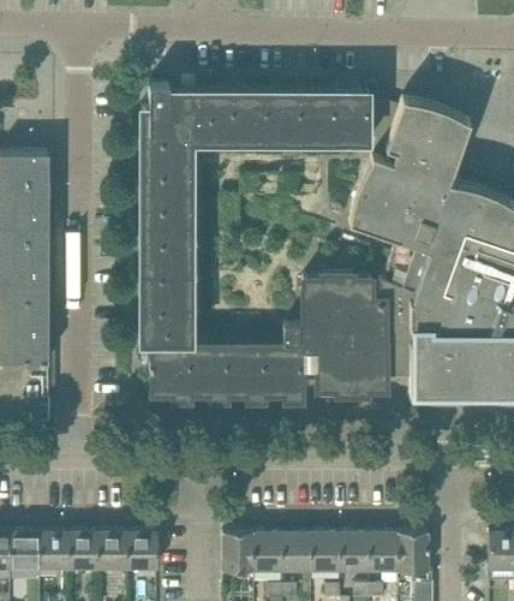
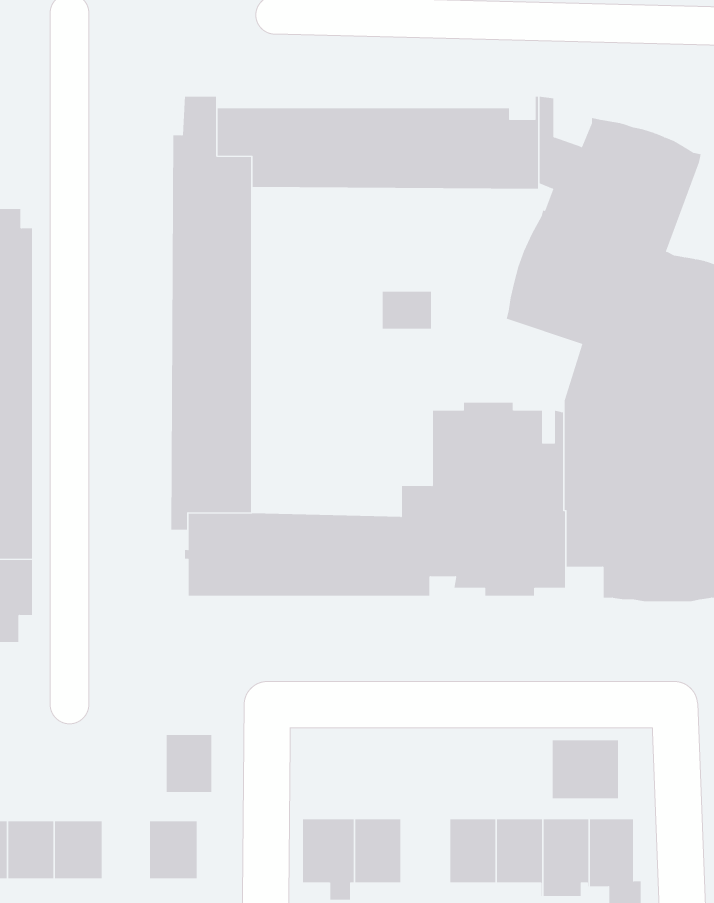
building: none -> [382,291,431,329]
building: none -> [552,739,619,799]
building: [283,534,313,573] -> none
building: [98,535,127,571] -> [166,734,212,793]

